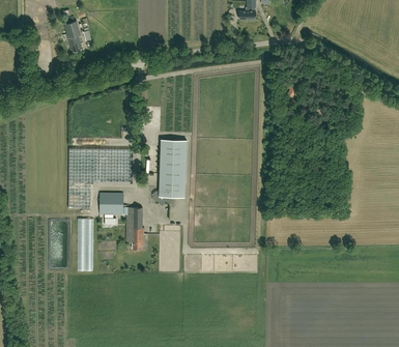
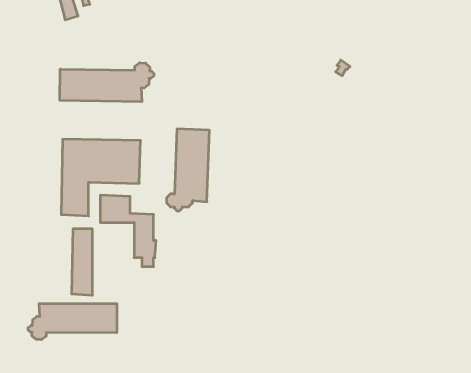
building: none -> [60,63,154,102]
building: none -> [28,304,117,340]

